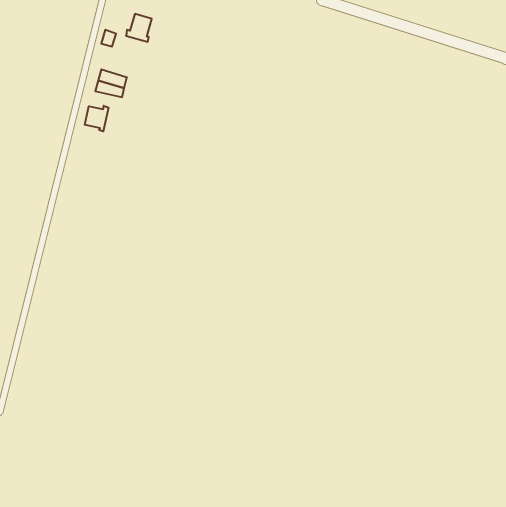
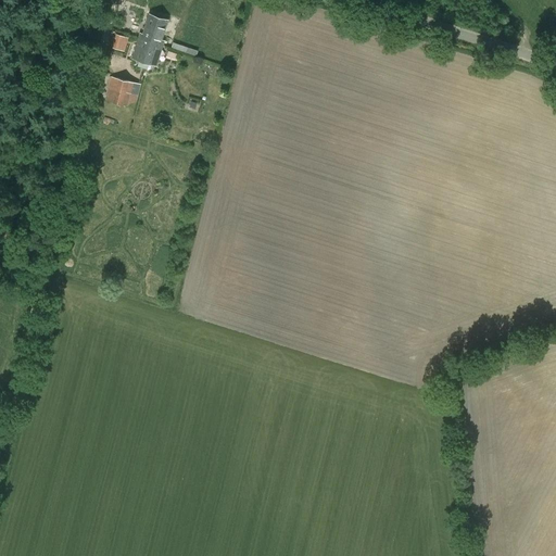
building: none -> [131,39,162,65]
building: [85,106,109,131] -> none

